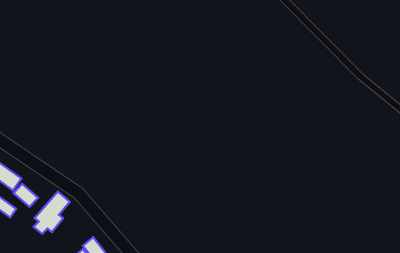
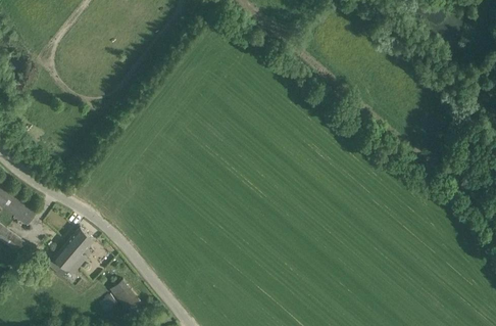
building: [14,184,38,207] -> none

